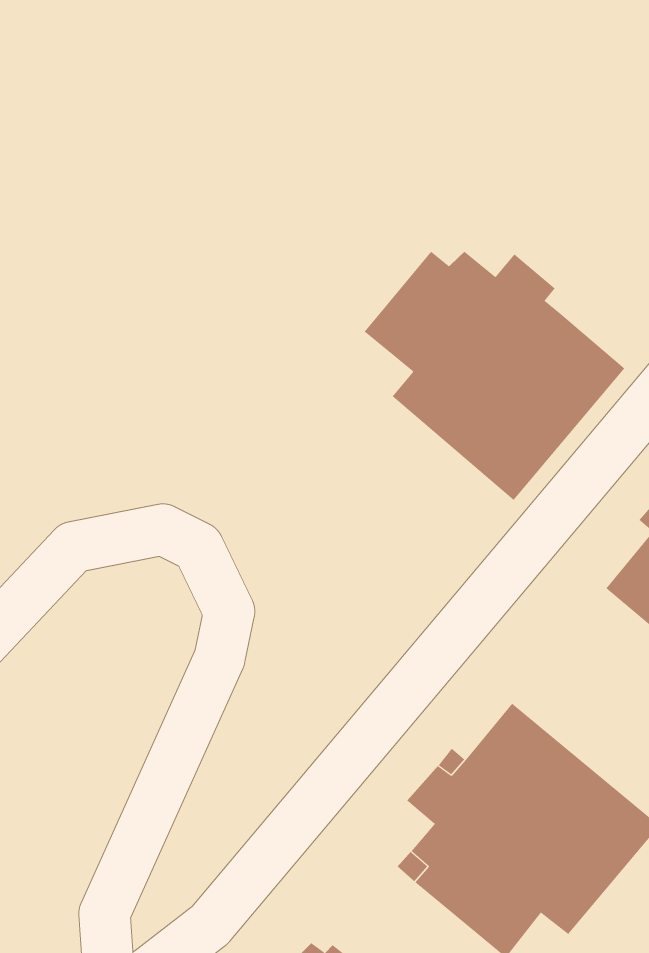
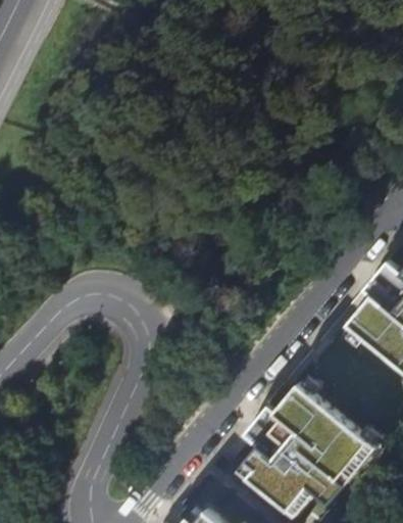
building: [364,251,625,501] -> none

